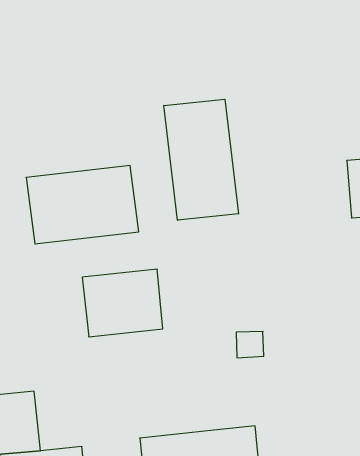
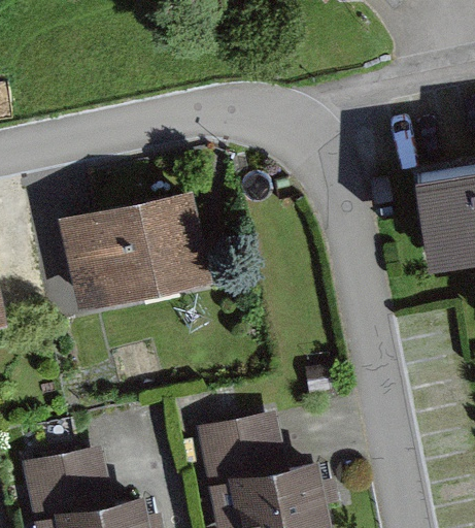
building: [164,99,238,220] -> none
building: [82,269,163,337] -> [205,416,297,495]

